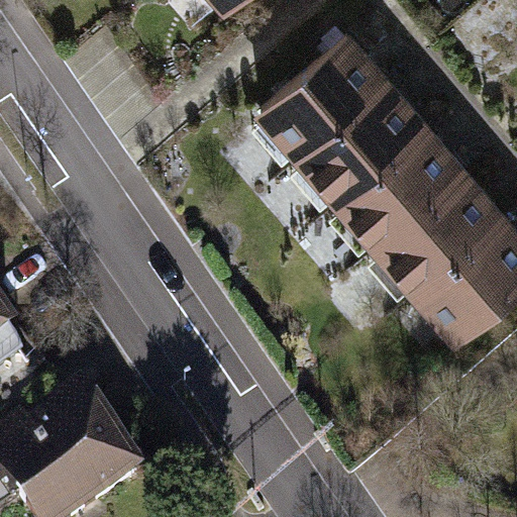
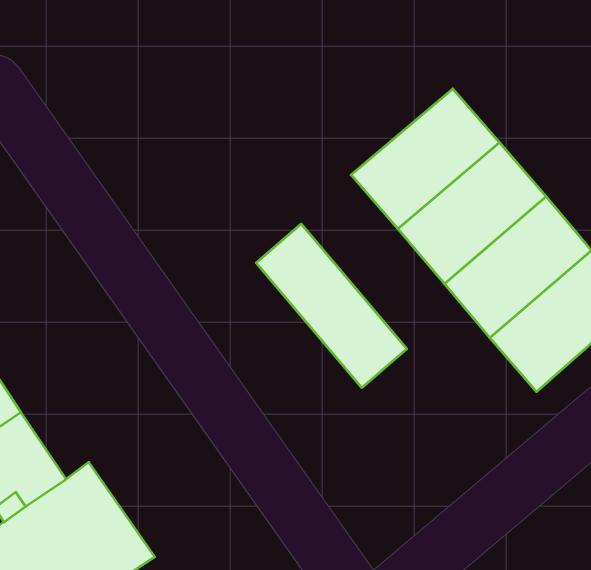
building: [264,39,389,158] -> none
building: none -> [256,224,407,388]

